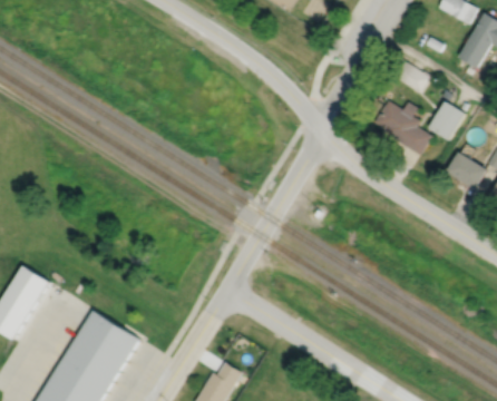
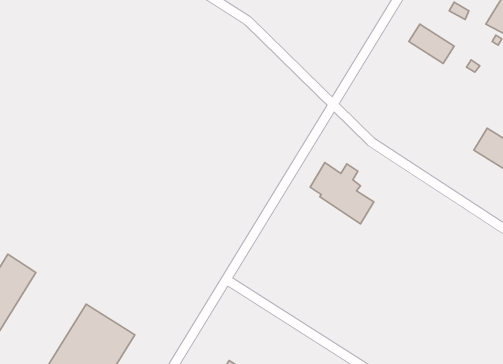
building: [374,100,432,156] -> [310,163,374,224]
building: [429,101,465,139] -> none

